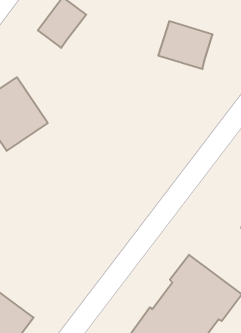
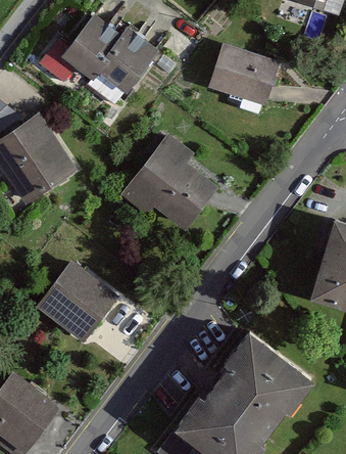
building: none -> [98,29,157,90]
building: none -> [122,135,217,230]
building: none -> [37,261,117,340]

